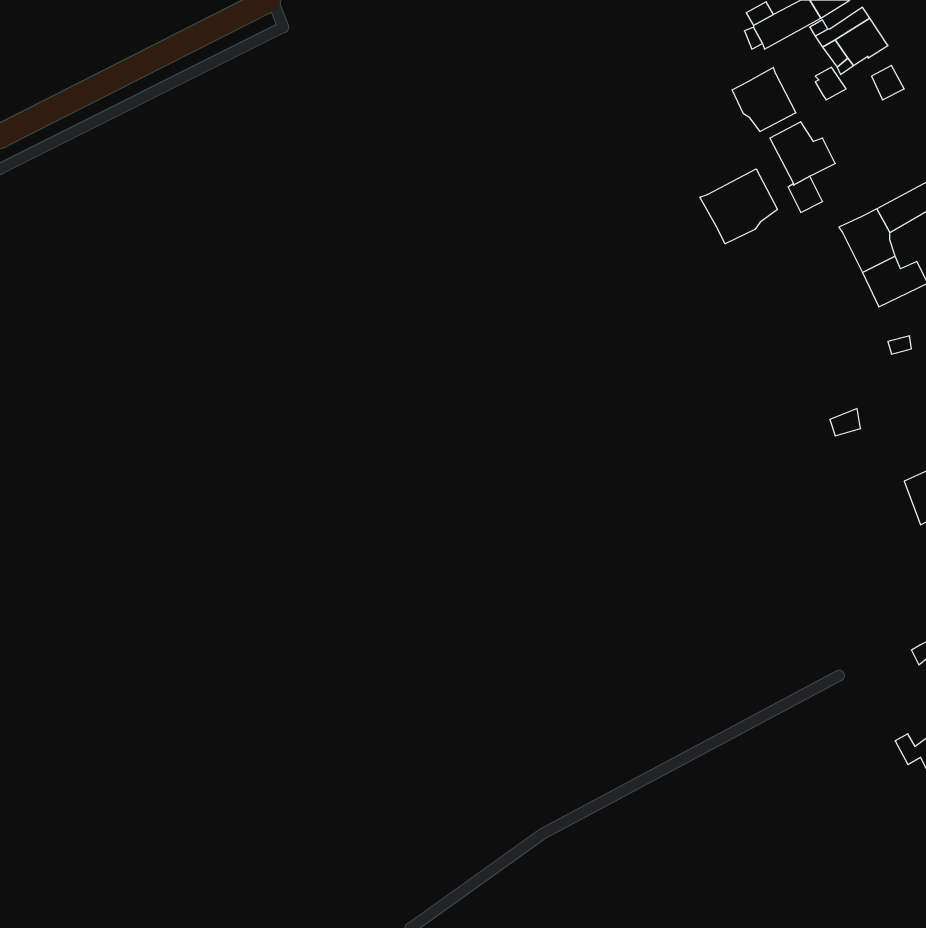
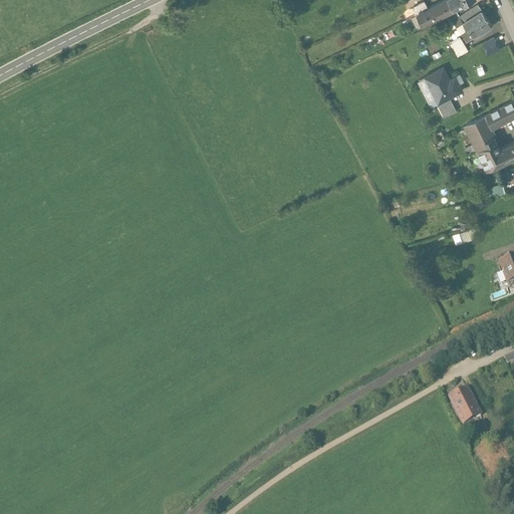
building: [732,67,796,132] -> none
building: [700,169,777,244] -> none
building: none -> [451,394,482,424]

